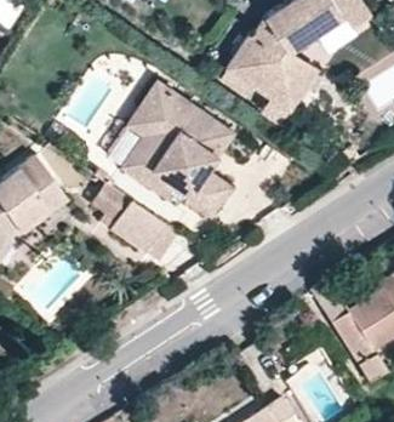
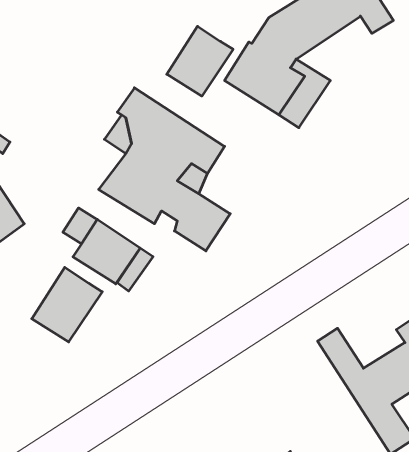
building: none -> [167,26,233,96]
building: none -> [32,267,102,342]

